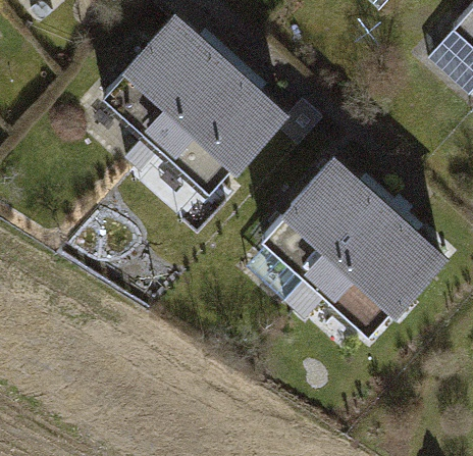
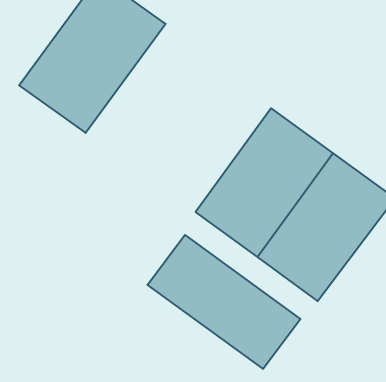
building: [144,59,296,216] -> none
building: none -> [147,235,300,369]

